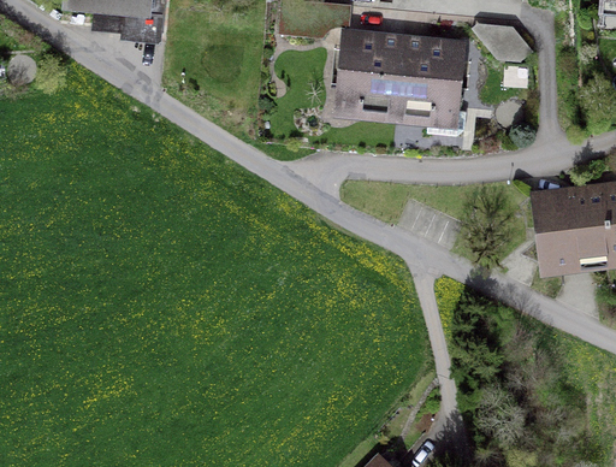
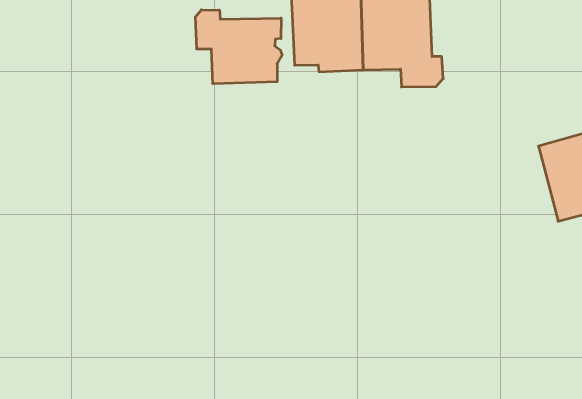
building: none -> [195,10,282,84]

